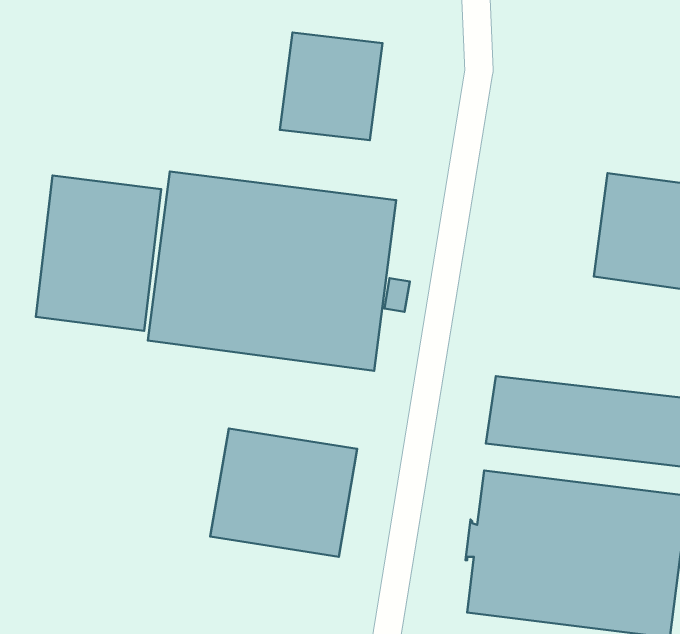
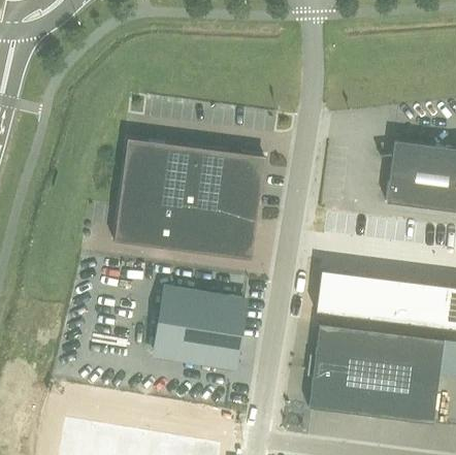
building: [280,33,382,140] -> none
building: [36,175,161,331] -> none

